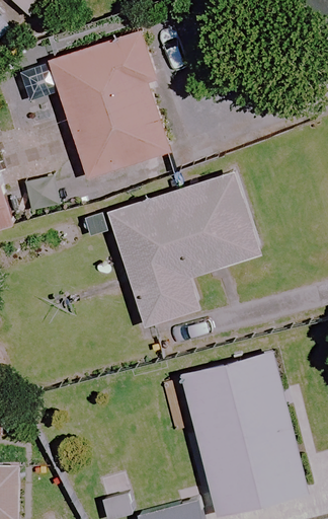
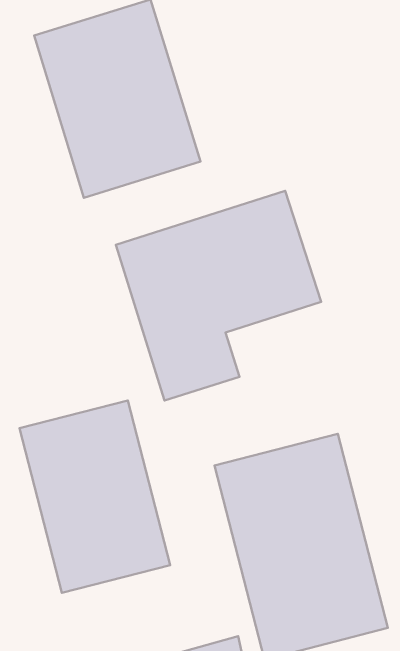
building: none -> [20,401,170,593]

